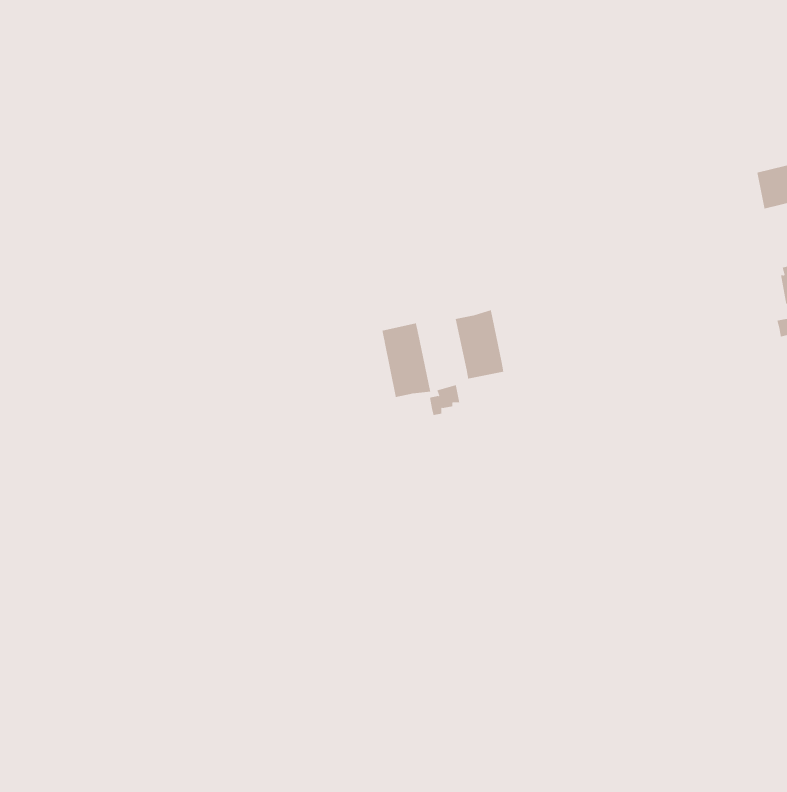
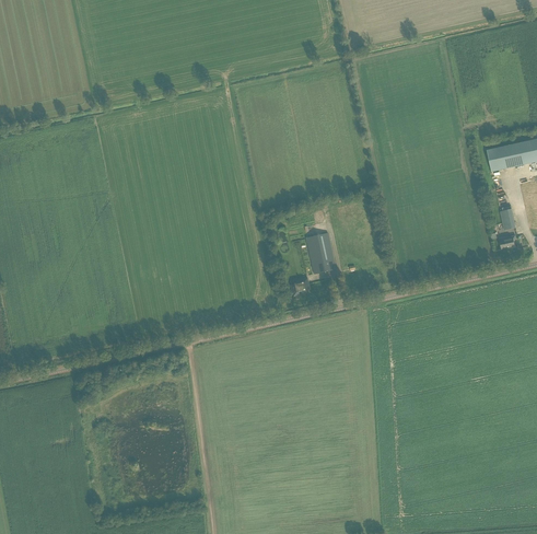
building: [382,323,431,398] -> none

